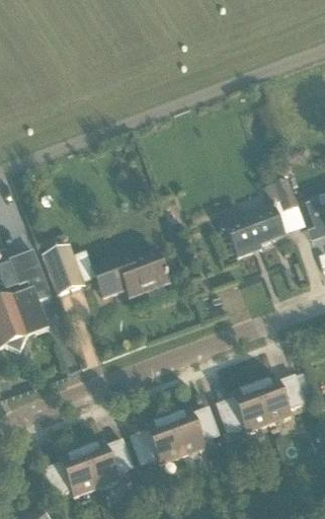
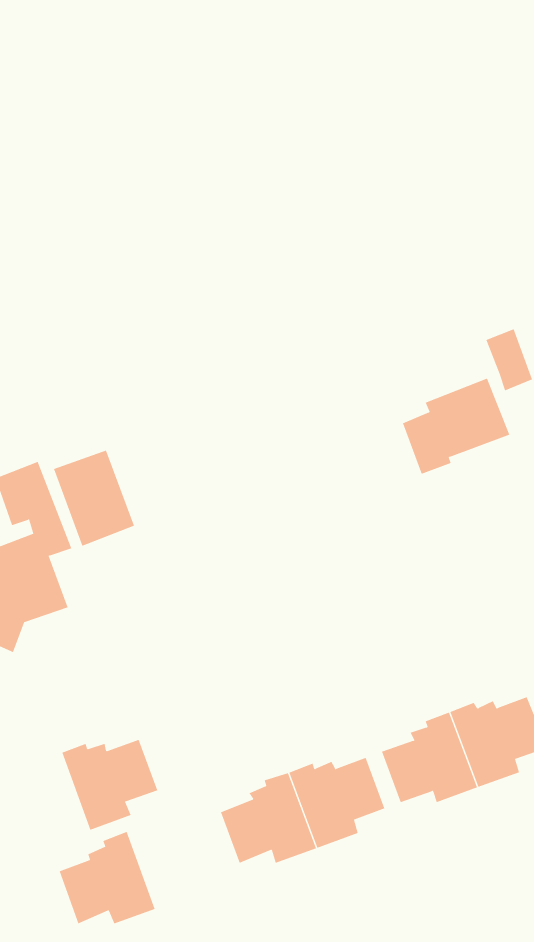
building: [92,250,169,297] -> none
building: [81,440,133,489] -> [61,739,158,830]

